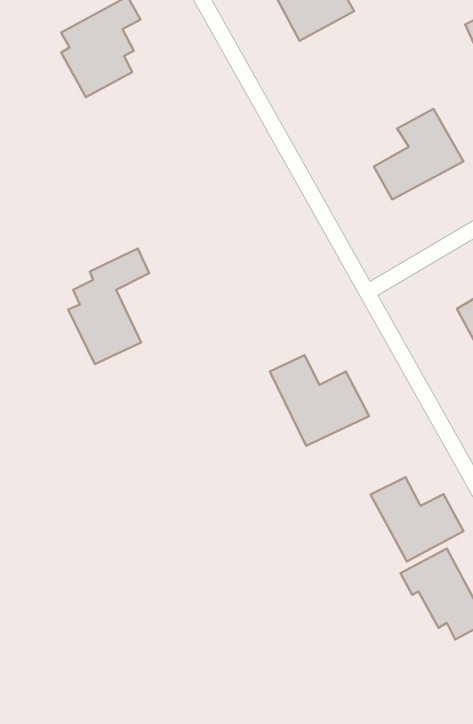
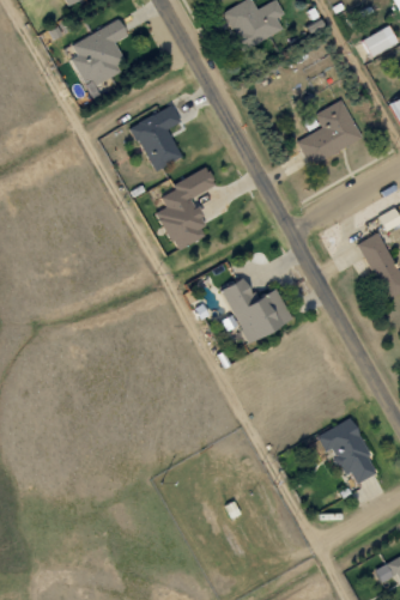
building: none -> [131,104,182,170]
building: [68,248,149,364] -> [157,166,216,250]
building: [370,477,464,561] -> none

